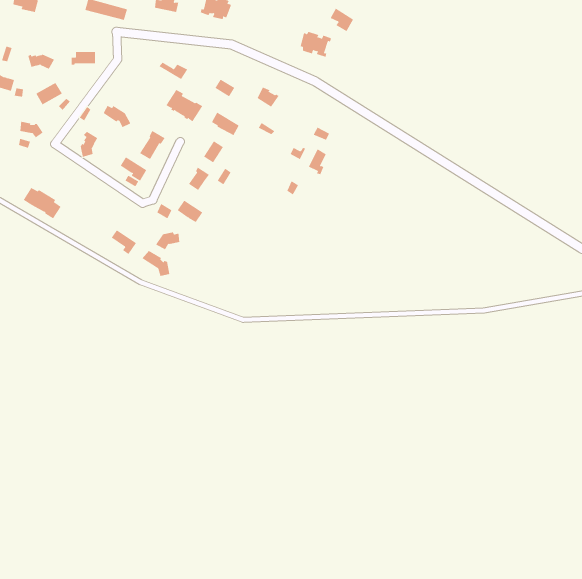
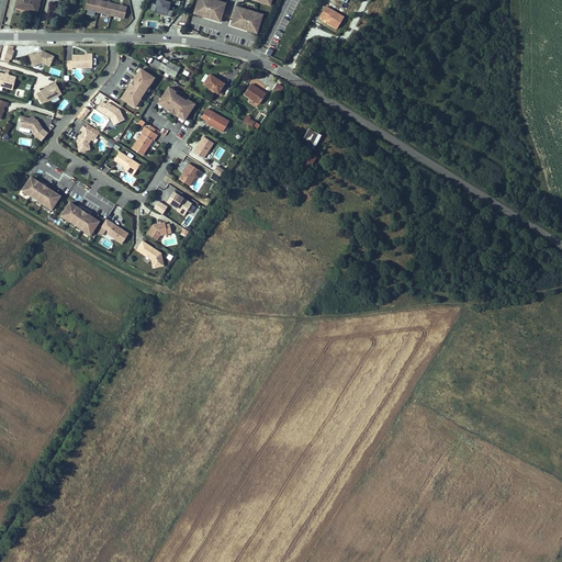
building: [299,31,332,58] -> [229,7,261,32]
building: none -> [123,69,155,106]
building: none -> [60,203,99,234]

